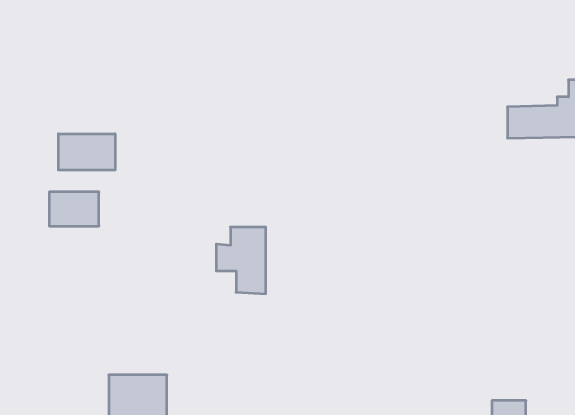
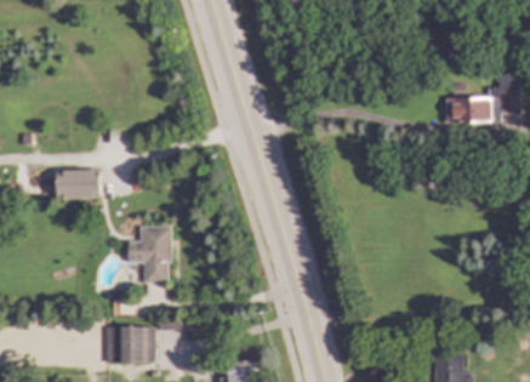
building: [58,134,115,170] -> none
building: [216,227,266,294] -> [127,226,170,283]

